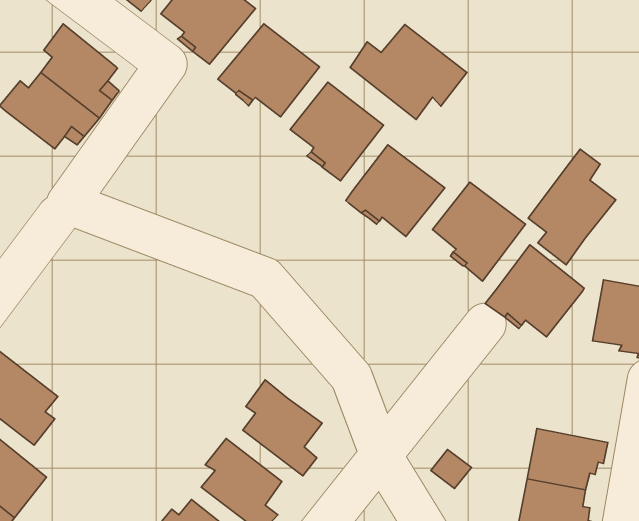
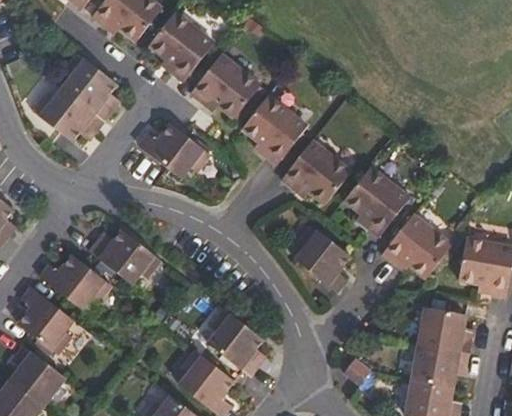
building: [350,24,467,119] -> none
building: none -> [142,123,212,180]
building: [528,149,616,265] -> none
building: none -> [294,225,351,293]
building: none -> [88,228,162,285]
building: none -> [38,254,112,311]
building: none -> [418,306,471,353]

